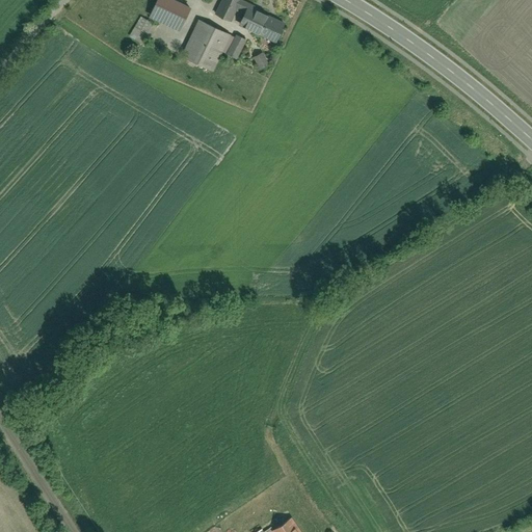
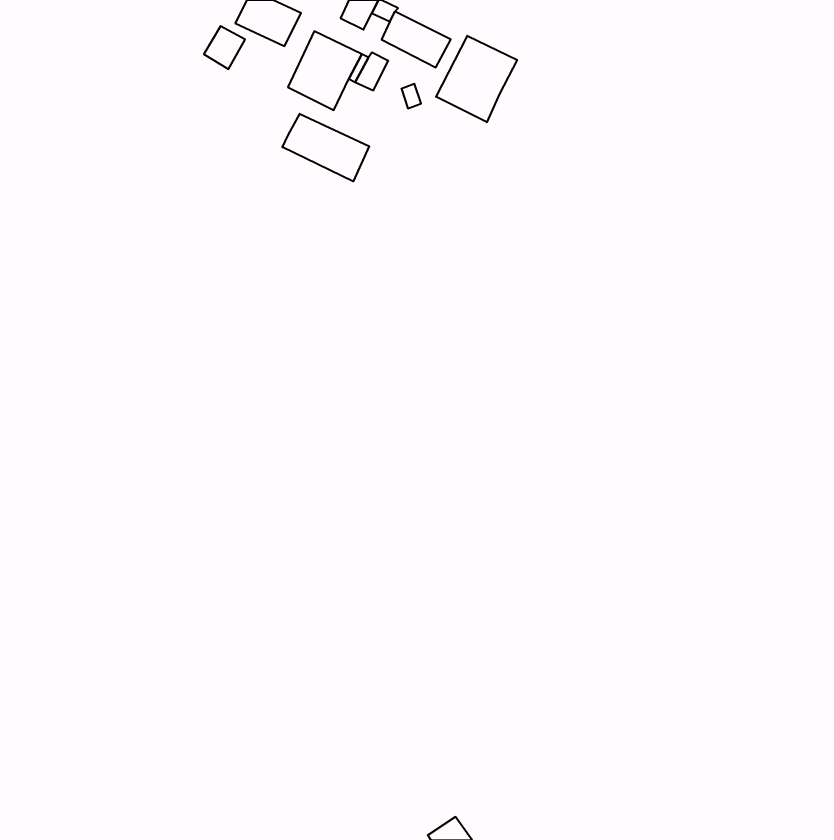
building: none -> [436,36,517,122]
building: none -> [282,114,369,181]

